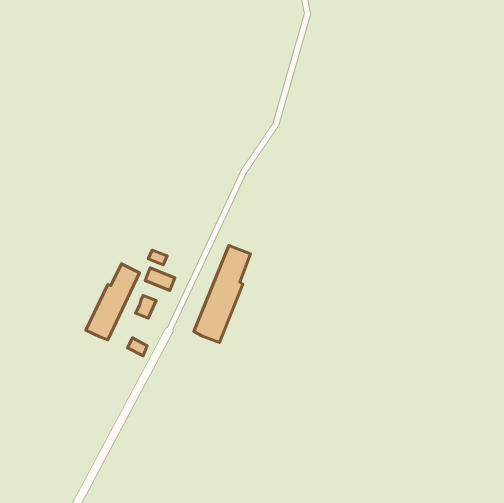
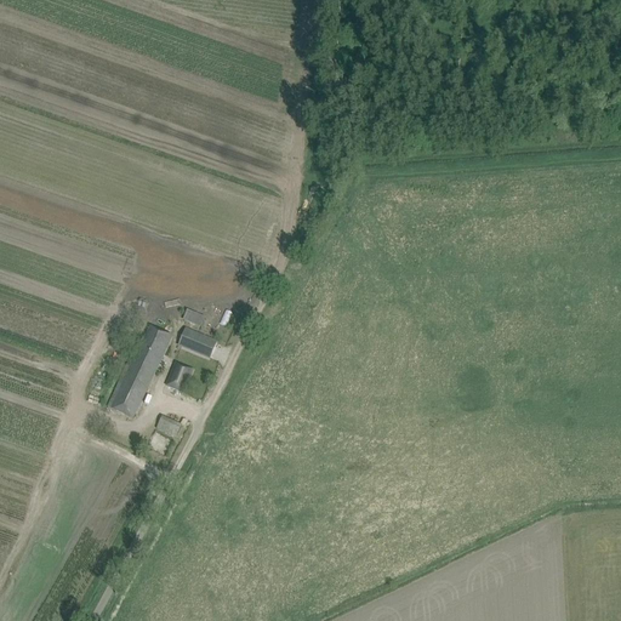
building: [194,246,251,343] -> none

